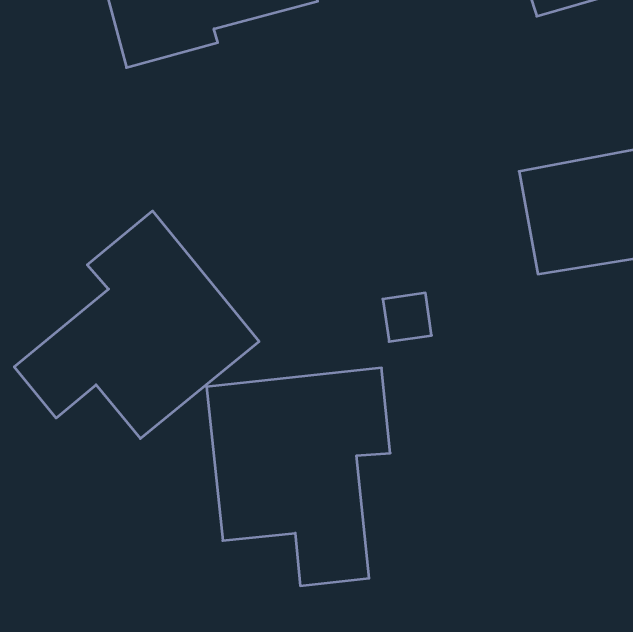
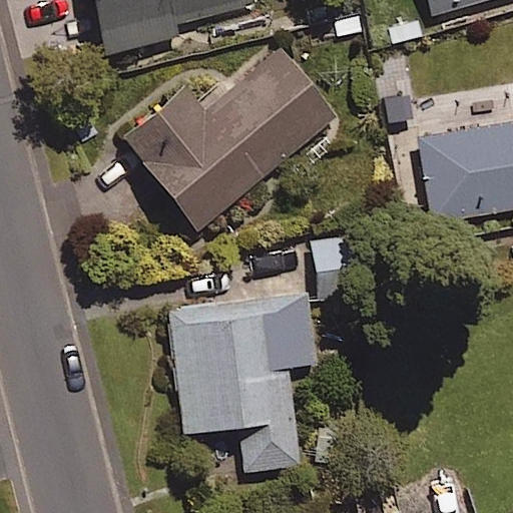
building: none -> [124,49,334,230]
building: [14,211,259,439] -> none

